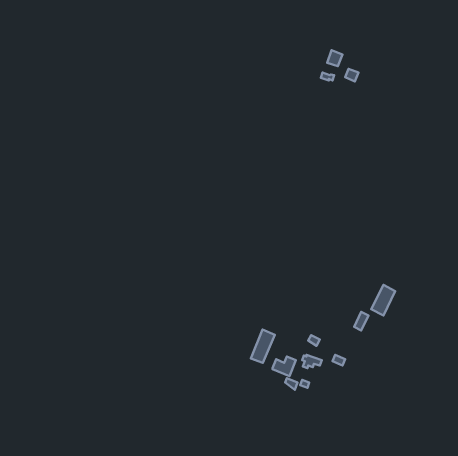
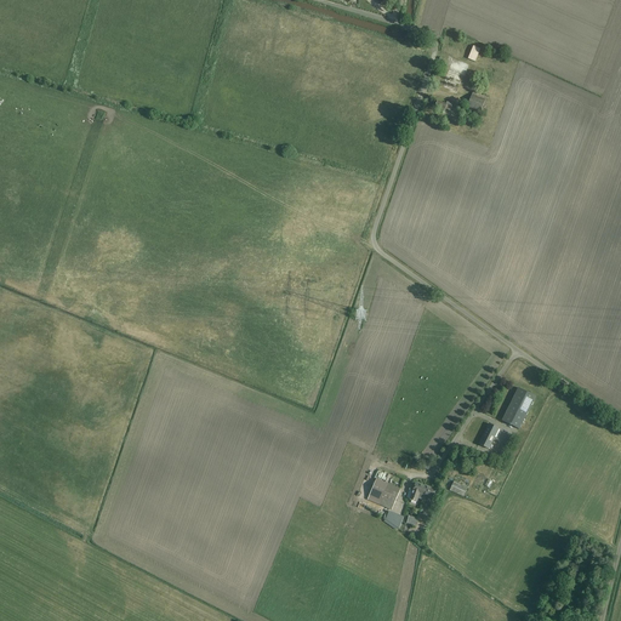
building: [251,330,275,363] -> none

